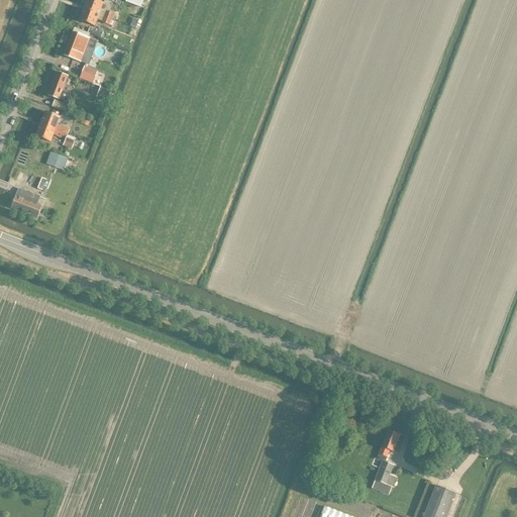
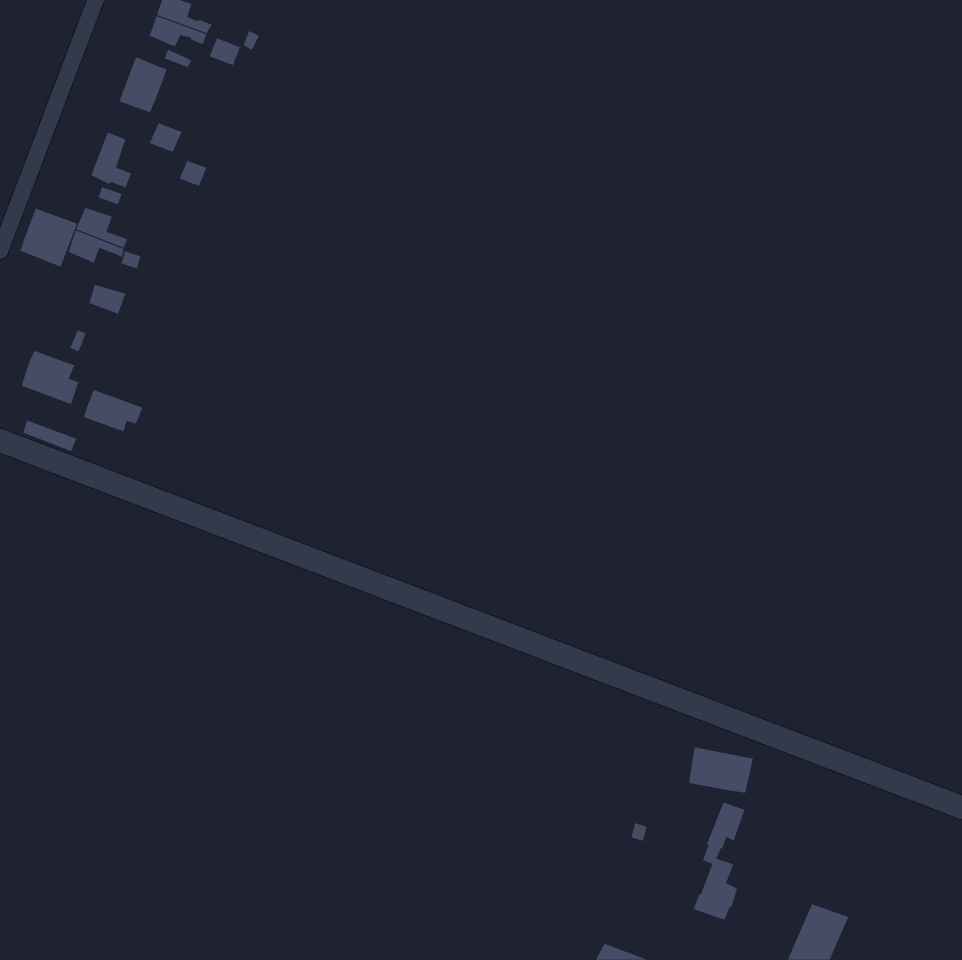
building: none -> [20,208,78,268]
building: none -> [83,389,143,432]
building: none -> [688,747,753,794]

